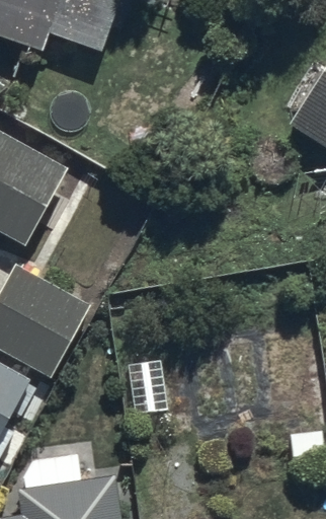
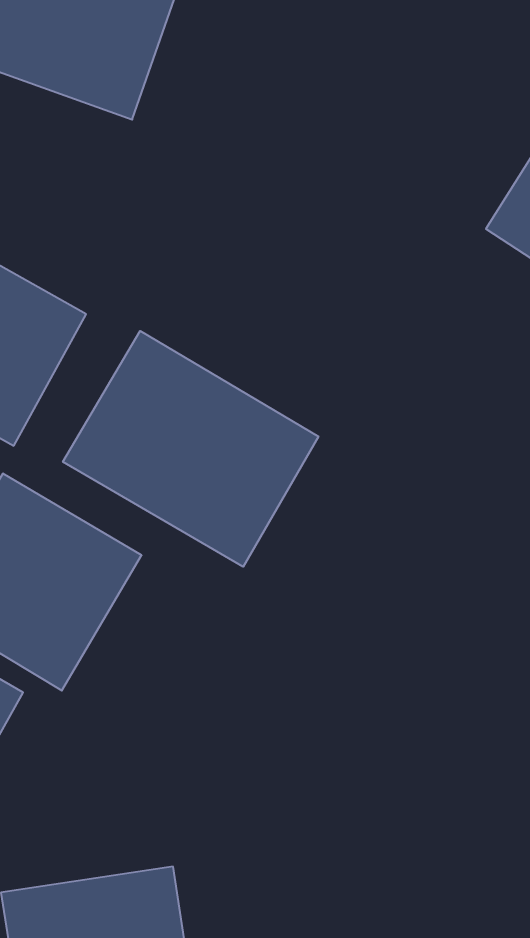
building: none -> [63,331,318,567]

